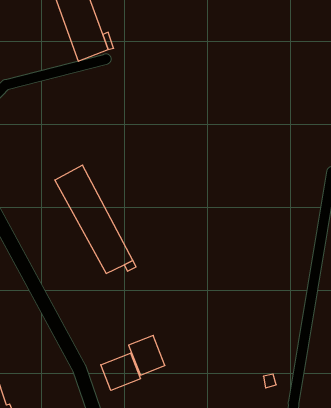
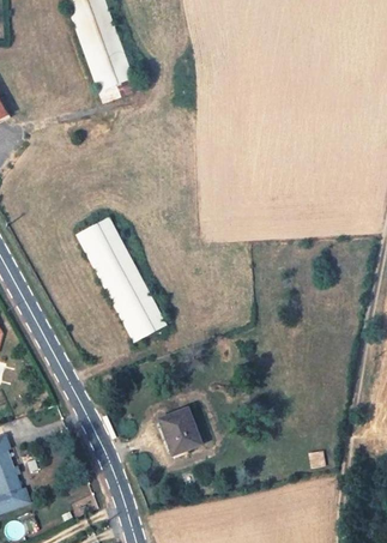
building: [101,353,141,390] -> none

